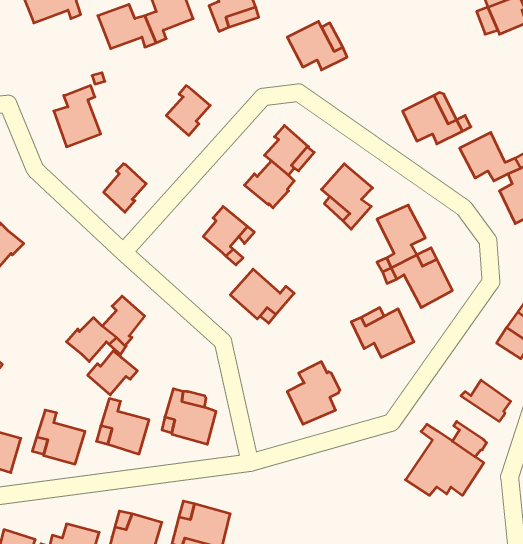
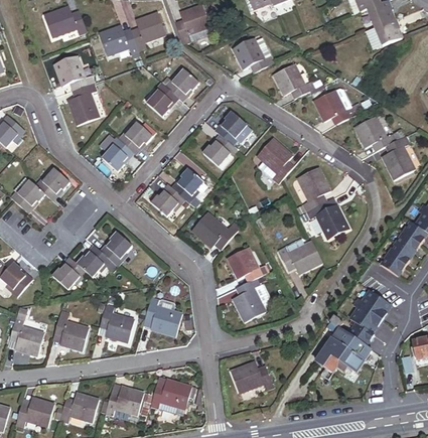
building: none -> [53,55,94,90]
building: none -> [272,63,315,98]
building: none -> [164,68,198,101]
building: none -> [118,122,152,154]
building: none -> [34,168,69,199]
building: none -> [149,186,185,216]
building: none -> [226,248,268,281]
building: [88,351,137,395] -> [51,259,87,290]
building: none -> [349,302,382,333]
building: none -> [230,361,273,394]

